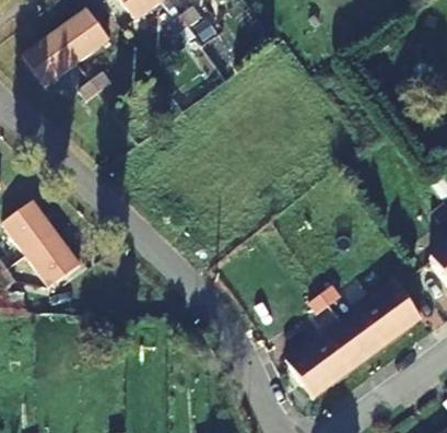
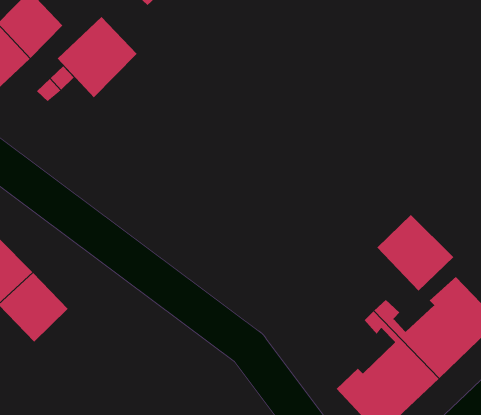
building: none -> [57,16,137,98]
building: none -> [377,214,454,292]

